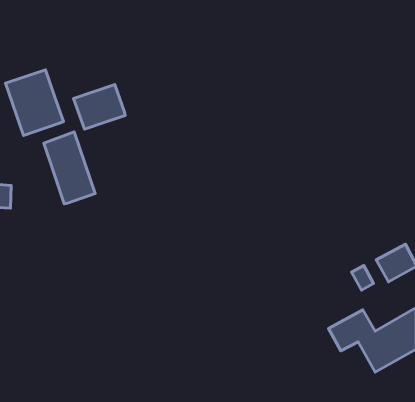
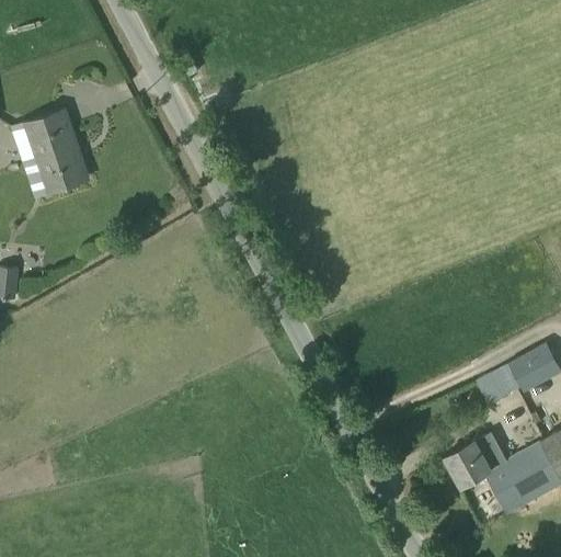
building: [73,84,125,129] -> none
building: [44,132,95,204] -> none

